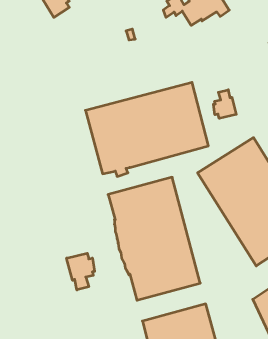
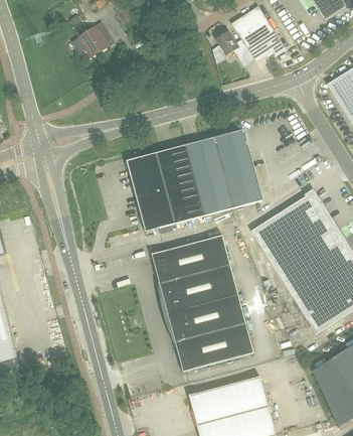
building: [213,90,236,118] -> none
building: [67,253,95,290] -> none

